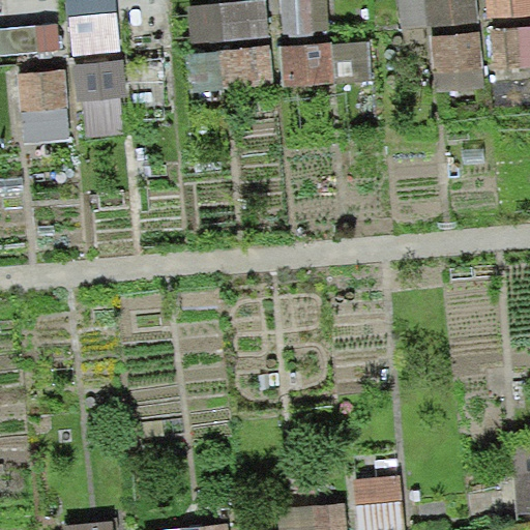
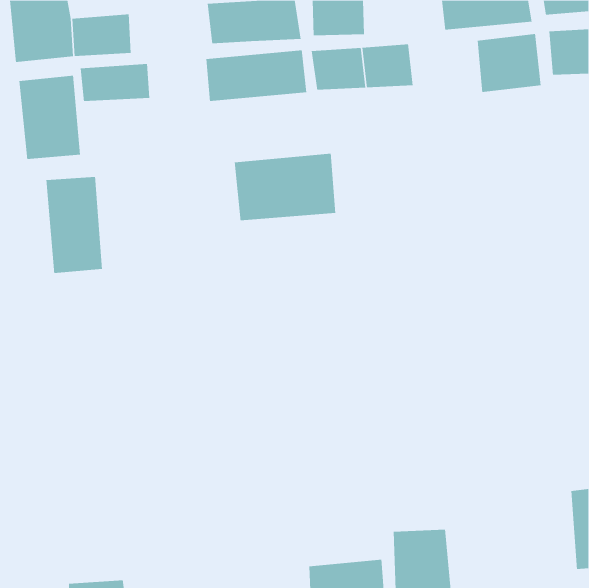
building: none -> [234,153,336,221]
building: none -> [46,176,103,274]

